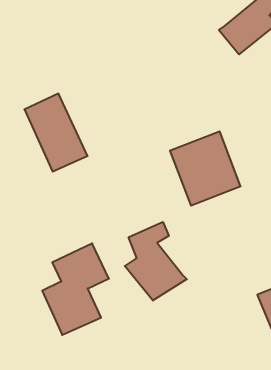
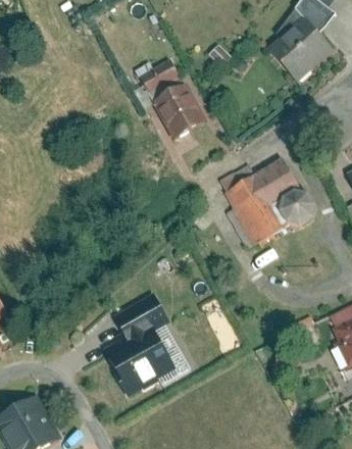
building: [24,94,88,172] -> [137,60,207,143]
building: [125,222,187,301] -> none

